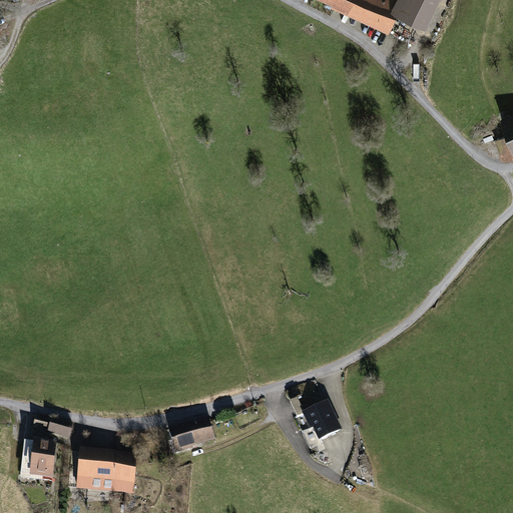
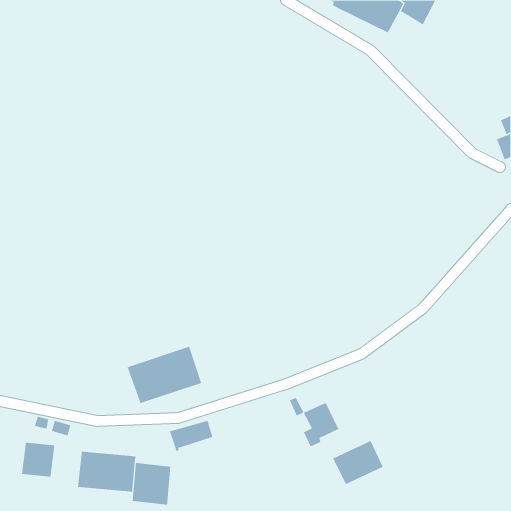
building: none -> [127,346,202,404]
building: none -> [333,440,383,485]
building: none -> [132,462,171,505]

